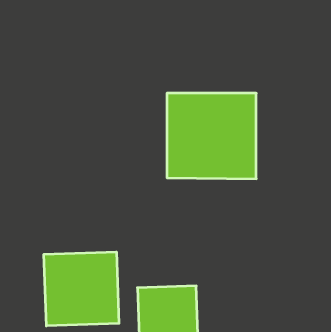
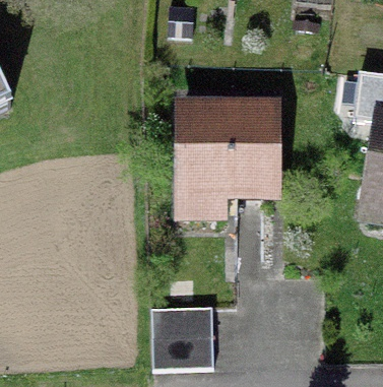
building: [44,252,119,326] -> none

